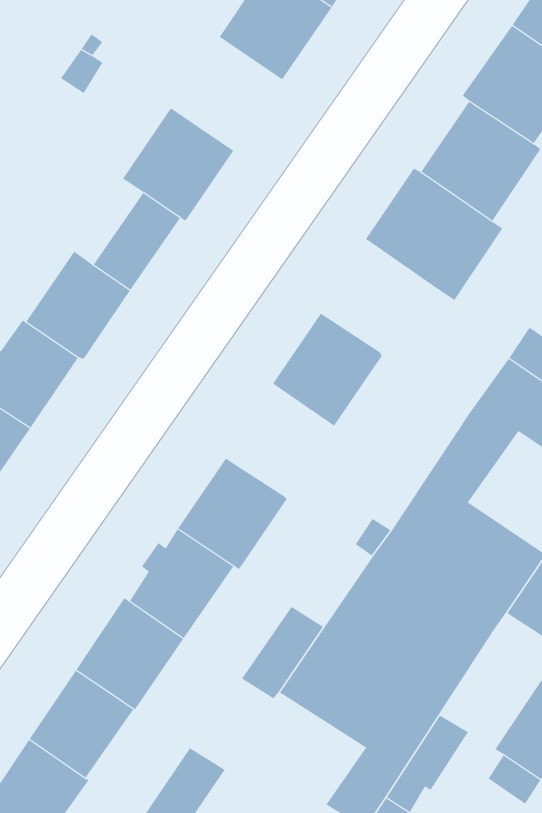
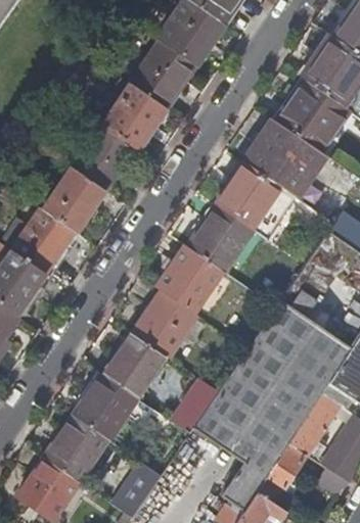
building: none -> [129,41,195,108]
building: none -> [216,160,282,228]
building: none -> [159,245,225,313]
building: none -> [288,392,340,458]

